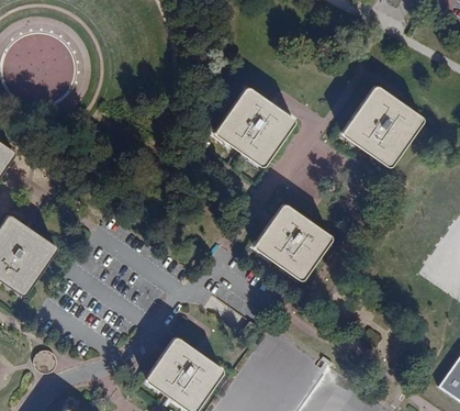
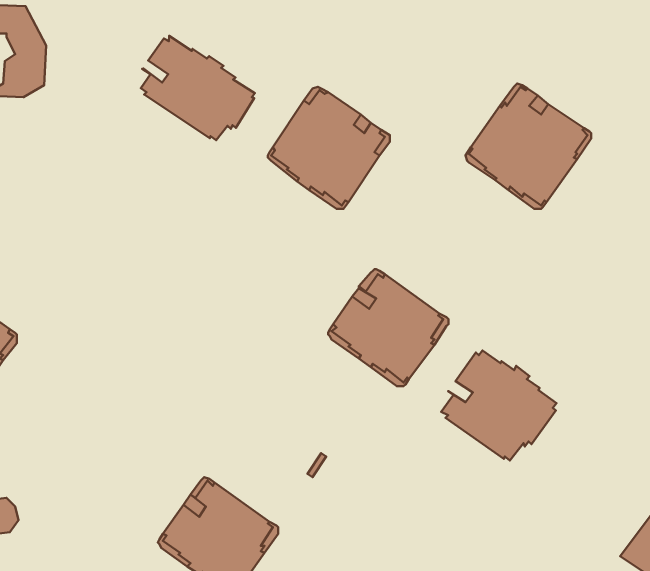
building: none -> [141,36,255,140]
building: none -> [441,350,556,460]

